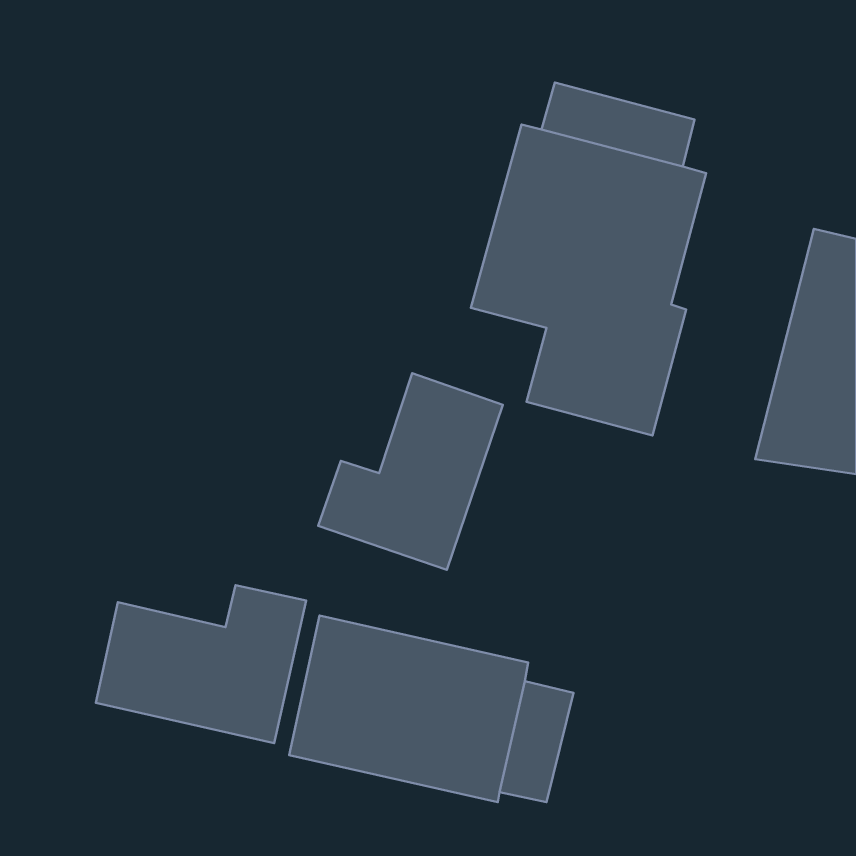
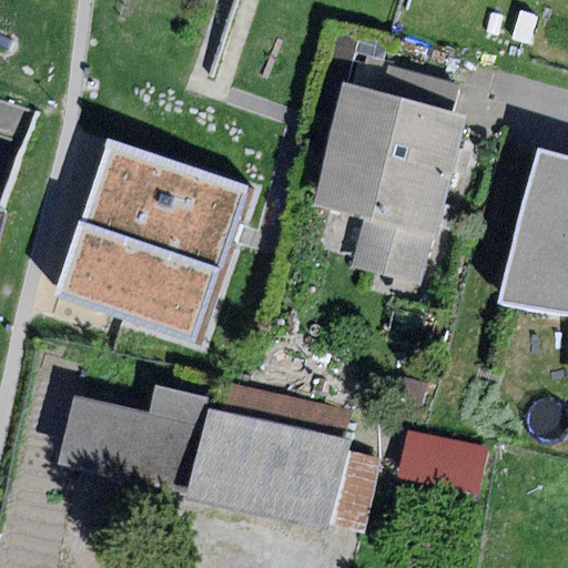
building: none -> [55,140,245,341]
building: [318,373,503,570] -> none
building: none -> [397,429,487,490]

